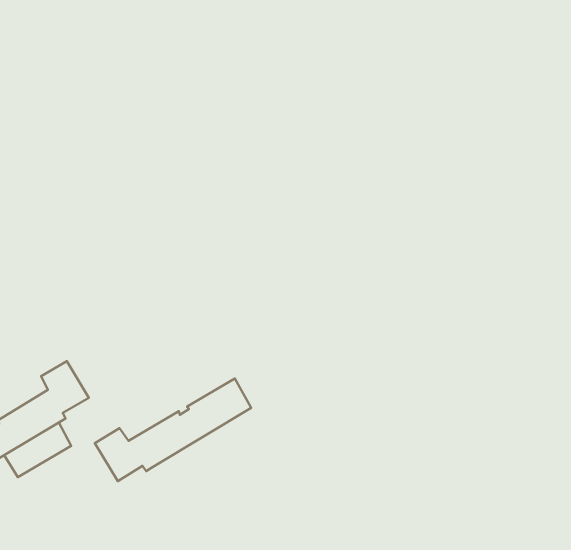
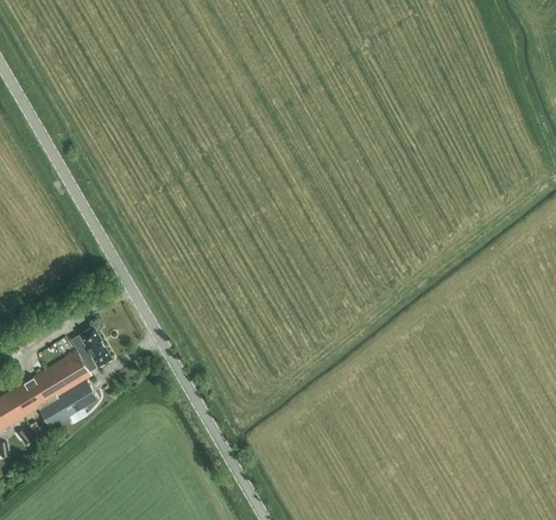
building: [95,379,251,481] -> none

